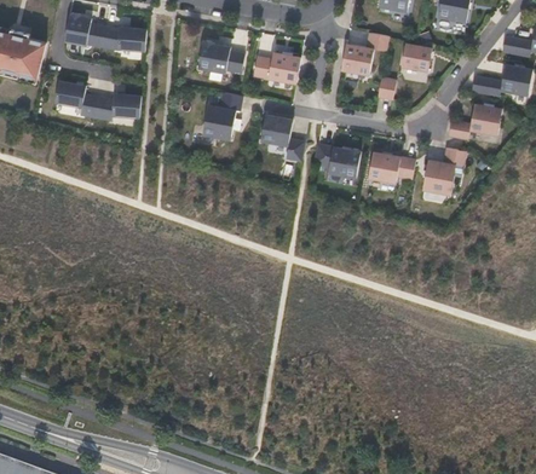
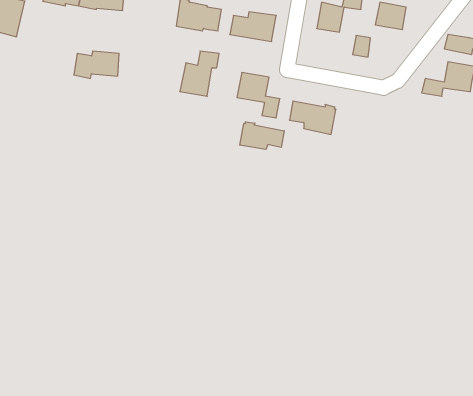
building: [56,81,98,117] -> none
building: [422,148,466,195] -> none
building: [368,152,415,183] -> none
building: none -> [240,122,284,149]

